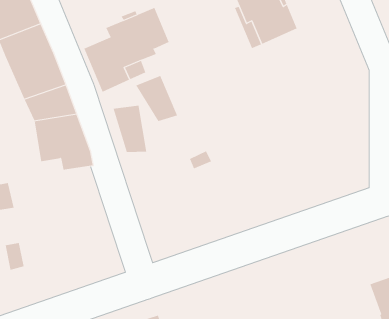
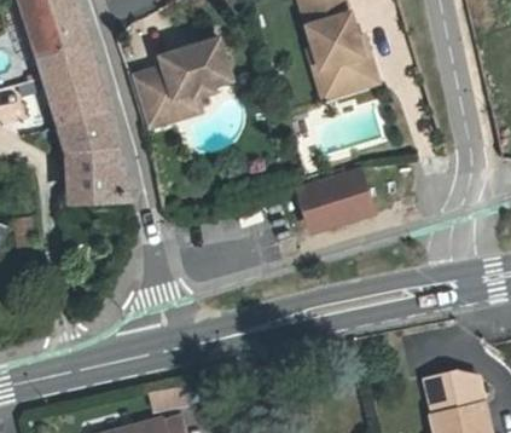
building: [135,75,178,122] -> none
building: [113,105,147,153] -> none
building: none -> [298,171,373,230]

